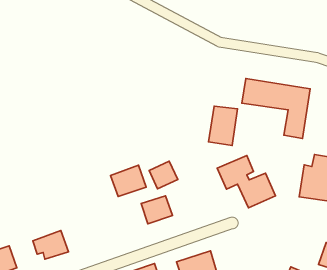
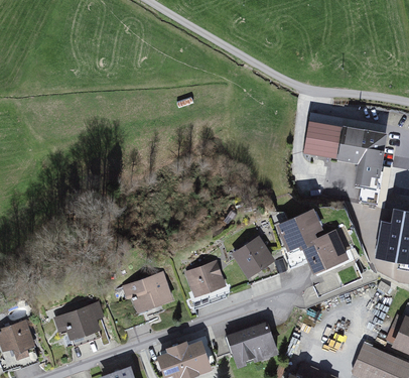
building: [208,106,238,146] -> none
building: [149,161,178,189] -> [238,238,272,271]
building: [111,165,146,197] -> [130,271,172,308]

